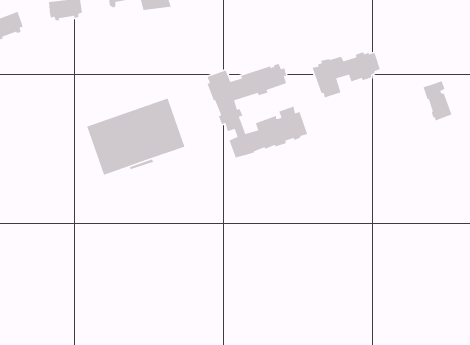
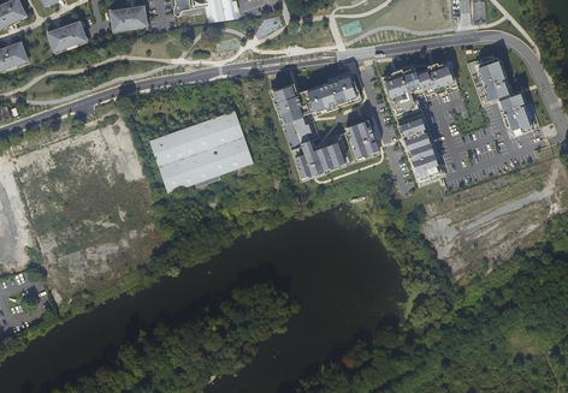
building: none -> [479,60,510,102]
building: none -> [396,106,438,174]

